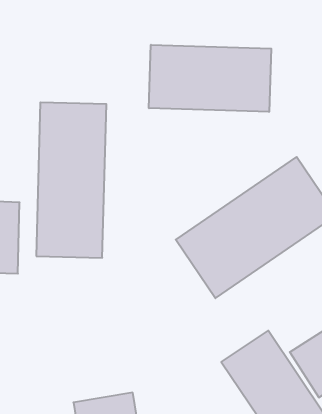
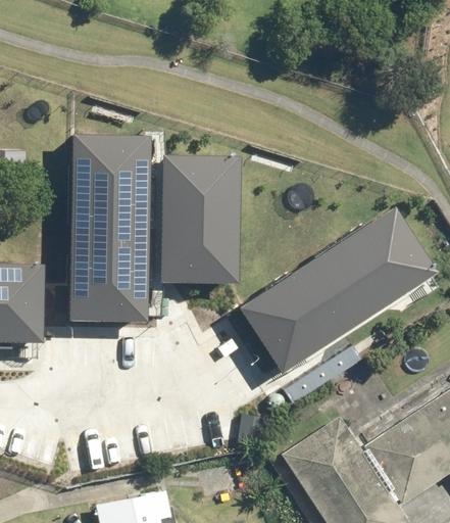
building: [149,45,271,112] -> none
building: none -> [162,153,241,287]

